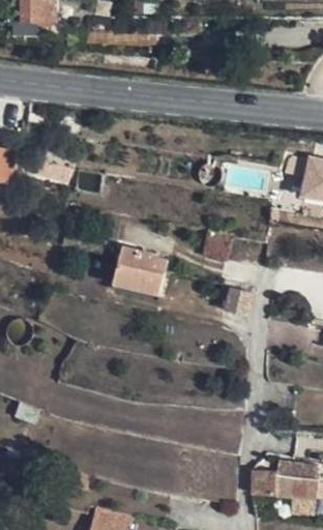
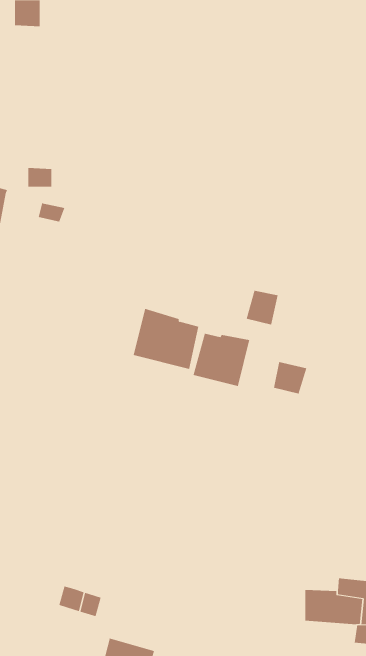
building: none -> [193,333,250,387]

